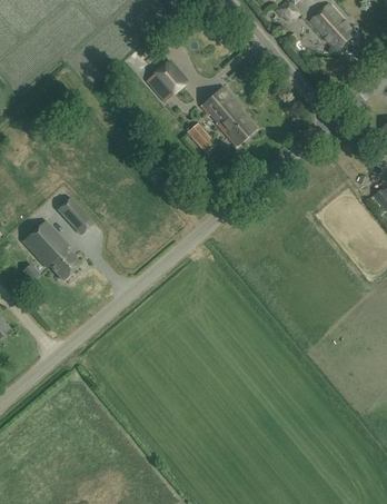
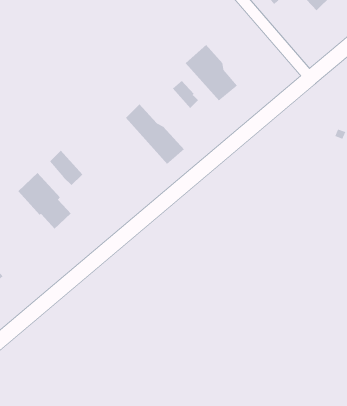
building: [146,65,182,101] -> none
building: none -> [125,104,185,165]

